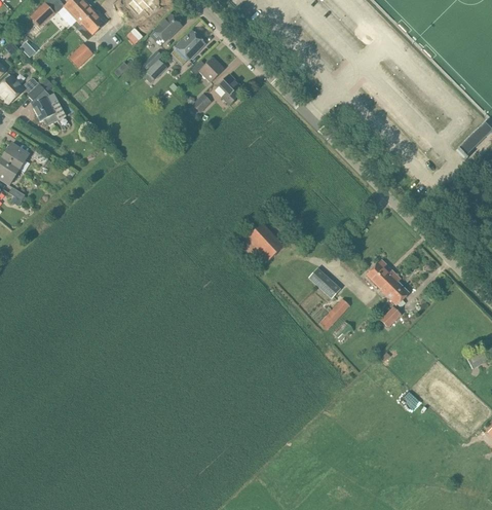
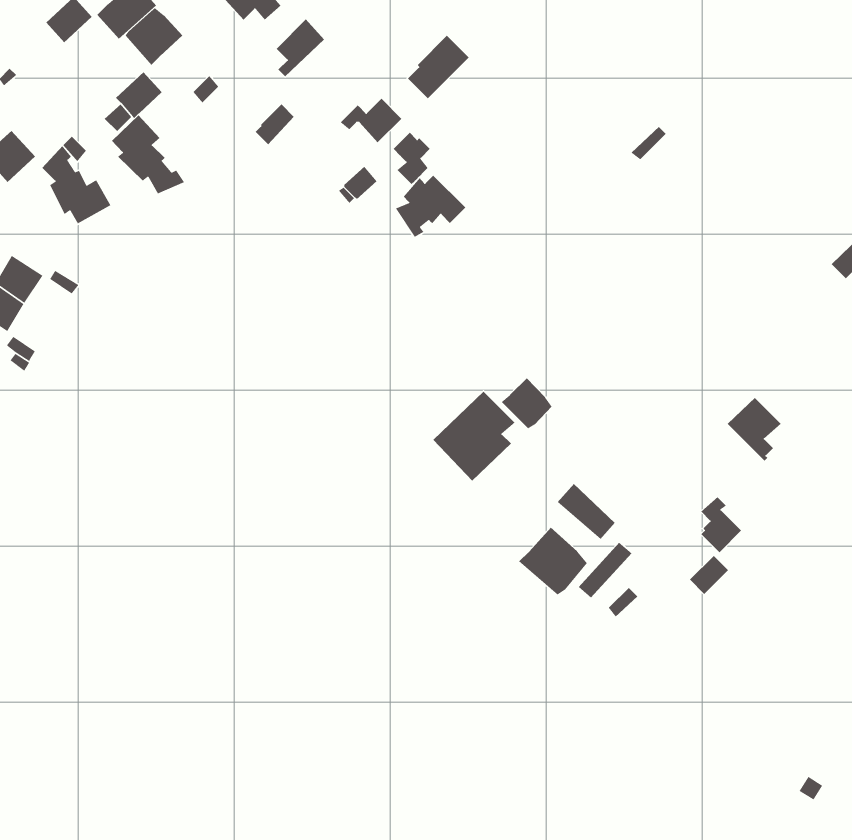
building: [171,30,204,65] -> [407,35,470,99]
building: none -> [111,115,185,195]
building: none -> [395,175,466,238]
building: none -> [501,378,553,429]
building: [366,259,395,294] -> [727,397,781,462]
building: none -> [518,527,588,596]

